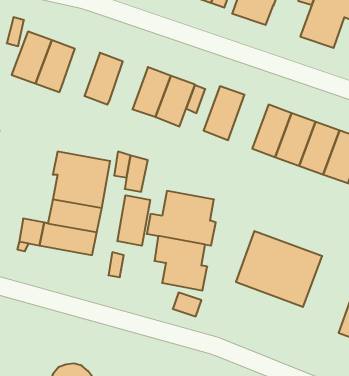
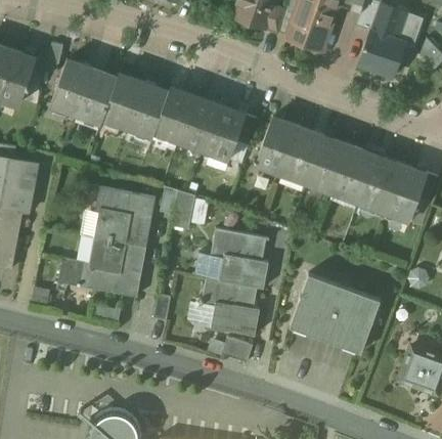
building: none -> [103,73,144,128]
building: none -> [154,88,195,142]
building: none -> [281,127,324,184]
building: [117,195,150,246] -> none

